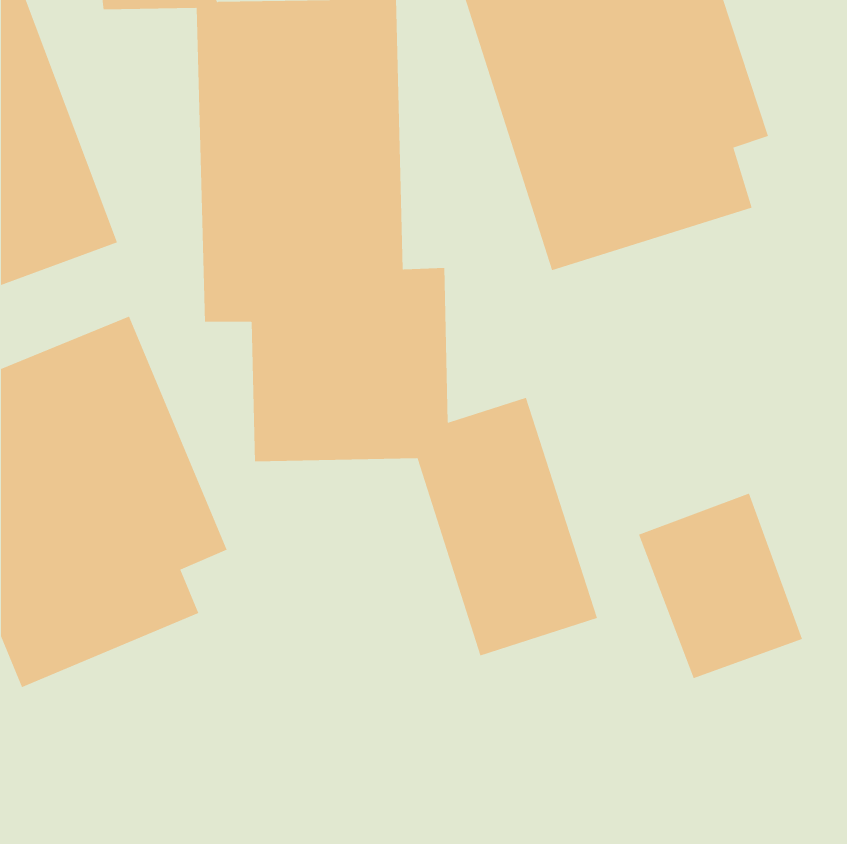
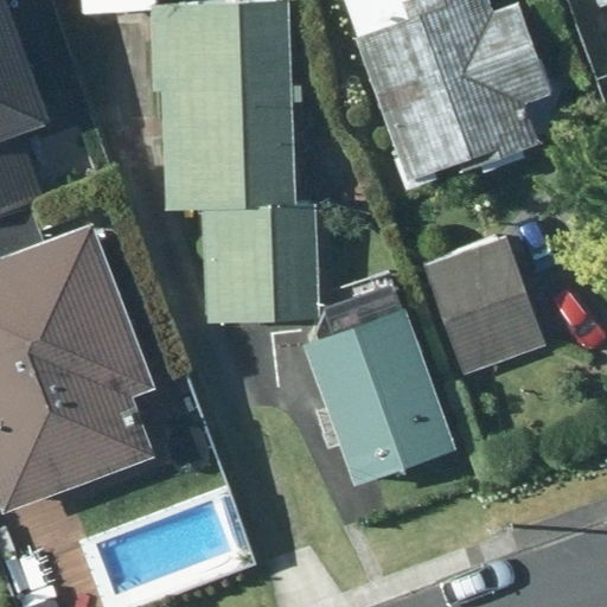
building: [638,493,803,679] -> [426,235,543,368]

